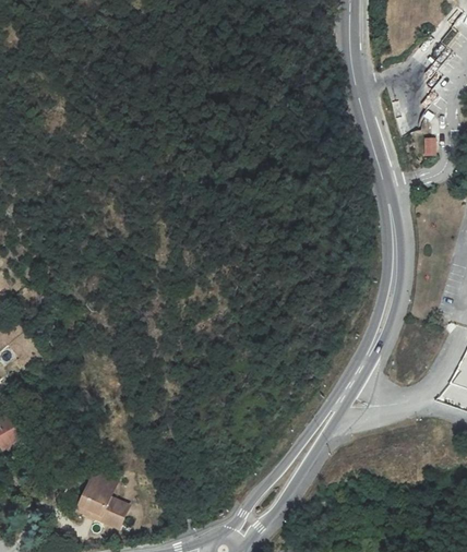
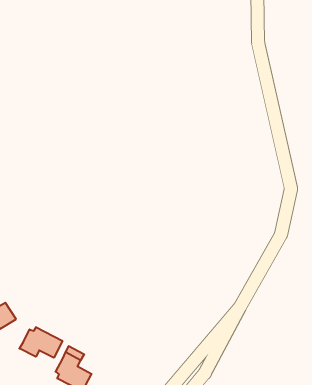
building: none -> [19,327,62,358]

